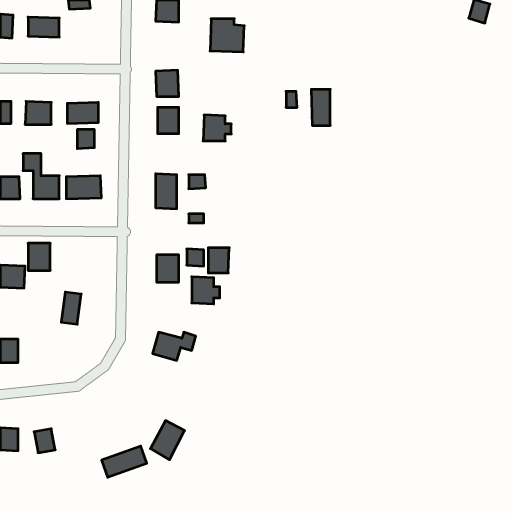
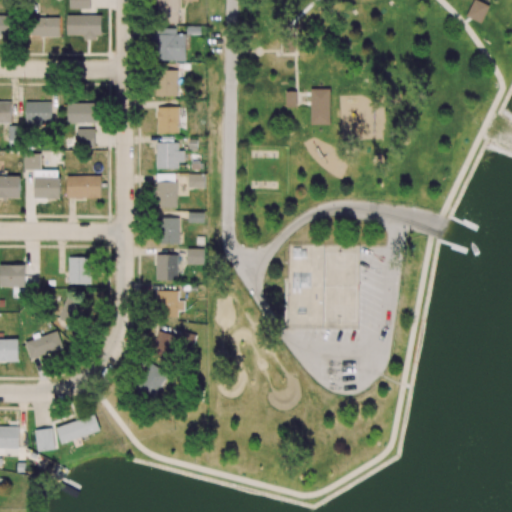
building: none -> [67,15,102,38]
building: [210,19,244,52] -> [153,28,187,61]
building: [203,115,231,141] -> [157,142,185,168]
building: [28,243,50,270] -> [69,257,91,284]
building: [208,248,229,273] -> [159,218,180,243]
building: [192,277,220,304] -> [157,290,185,317]
building: none -> [25,332,64,359]
building: [150,421,185,460] -> [135,362,169,401]
building: [102,446,147,477] -> [56,413,101,444]

